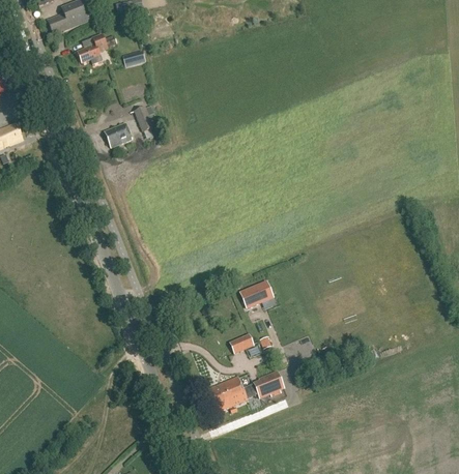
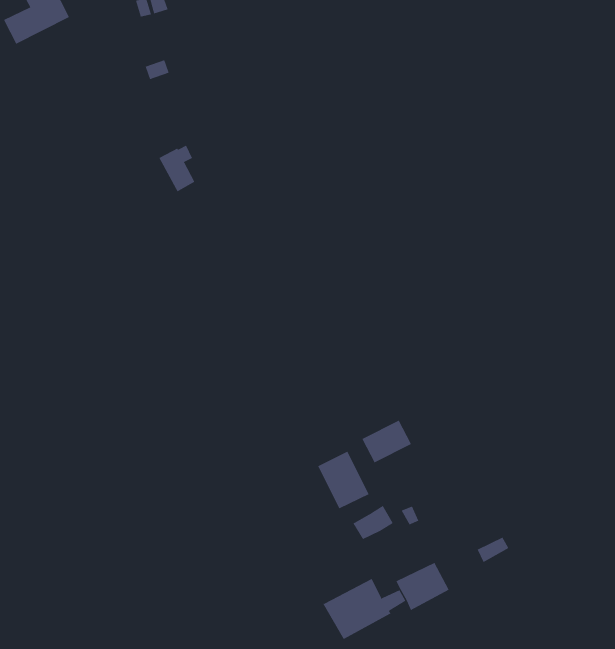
building: [77,34,116,63] -> none
building: [104,123,132,147] -> none
building: none -> [317,451,369,509]

